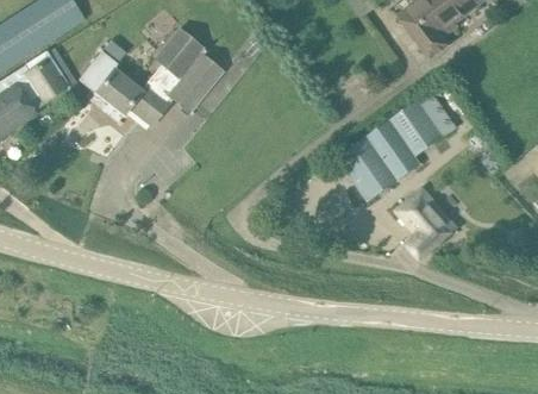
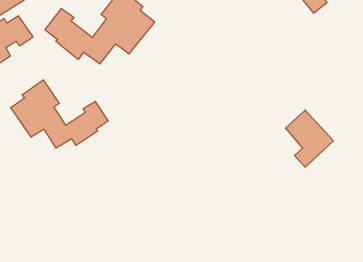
building: [339,90,449,201] -> none
building: none -> [11,80,108,148]

